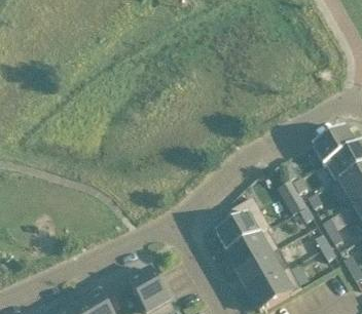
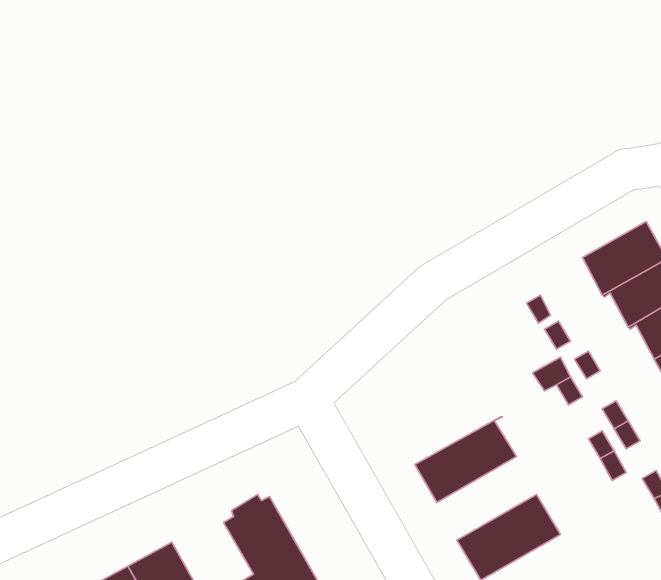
building: [216,195,270,250] -> none
building: [238,246,289,289] -> none

